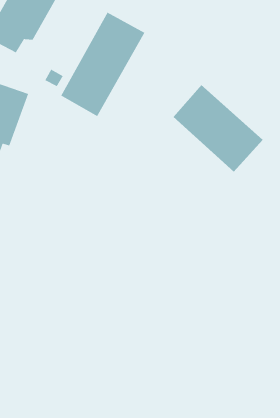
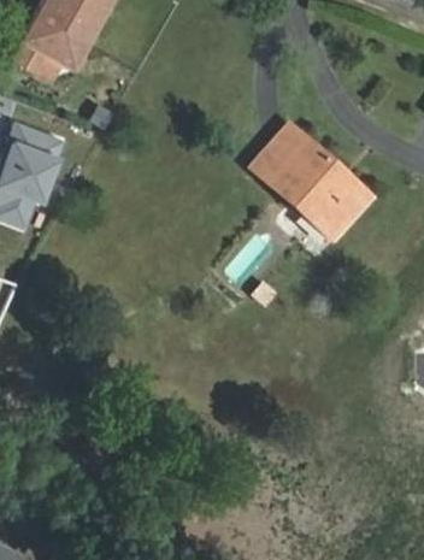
building: [60,11,145,117] -> none

